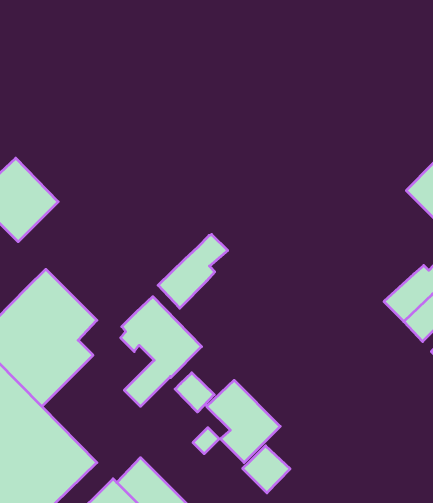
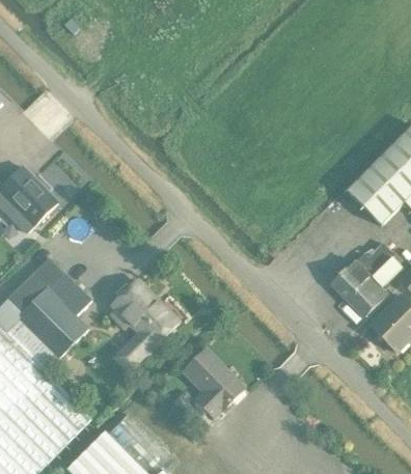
building: [158,234,228,308] -> none
building: [175,373,214,412] -> none
building: [243,446,290,493] -> none

